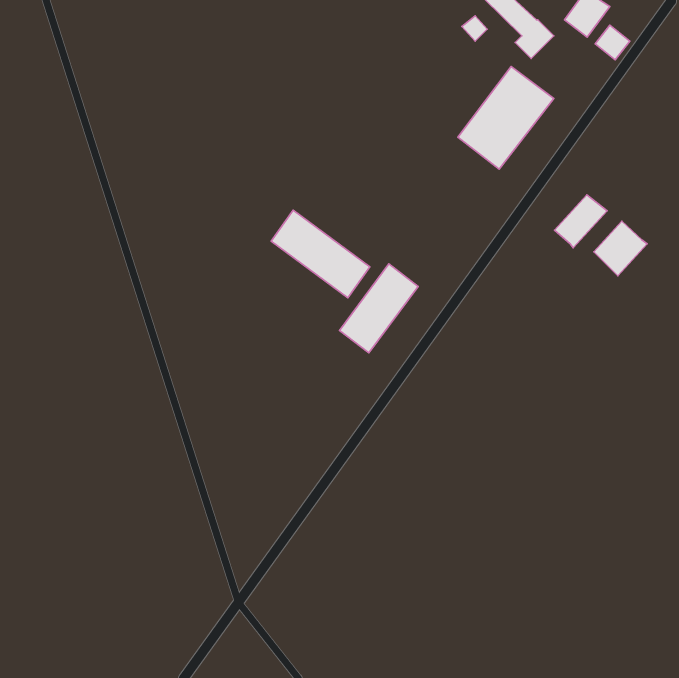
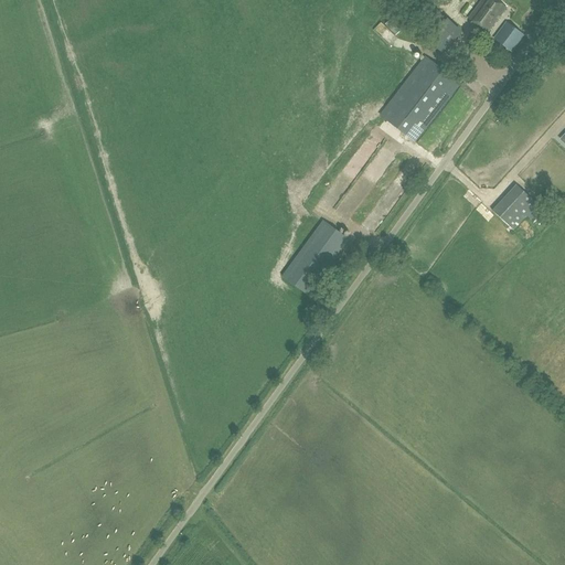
building: [554,195,607,248] -> none
building: [271,210,370,298] -> none

